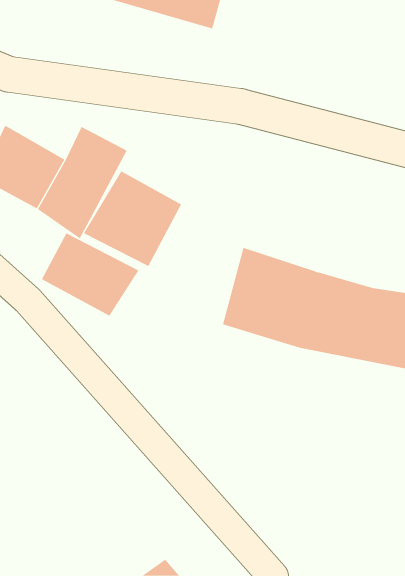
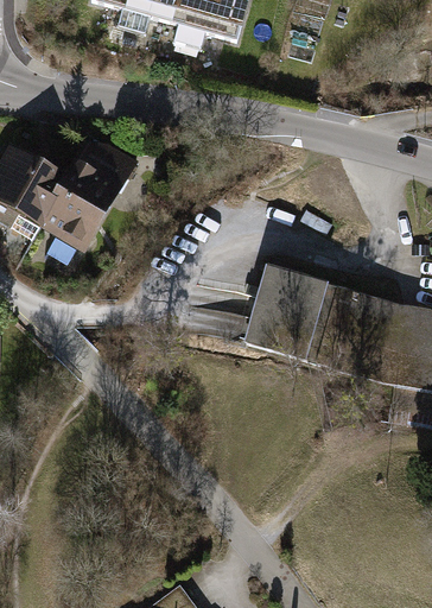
building: [83,171,182,267] -> none
building: [41,233,139,317] -> none

